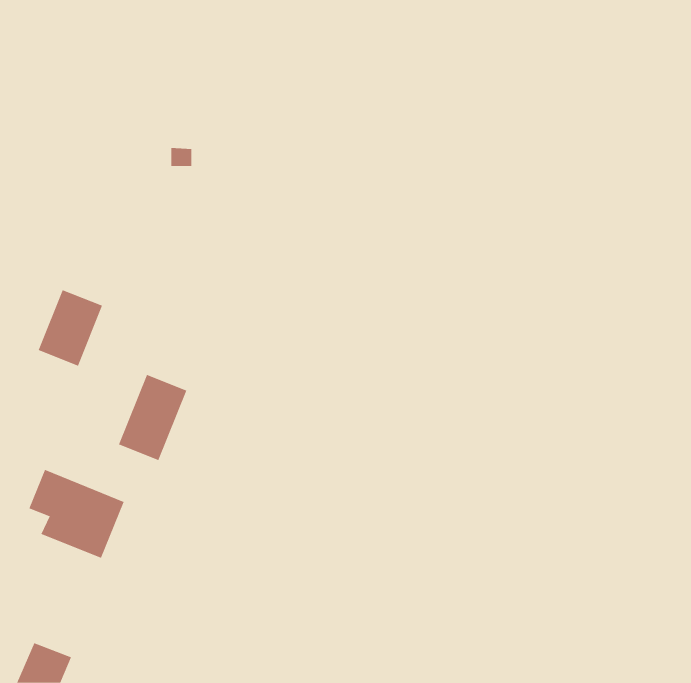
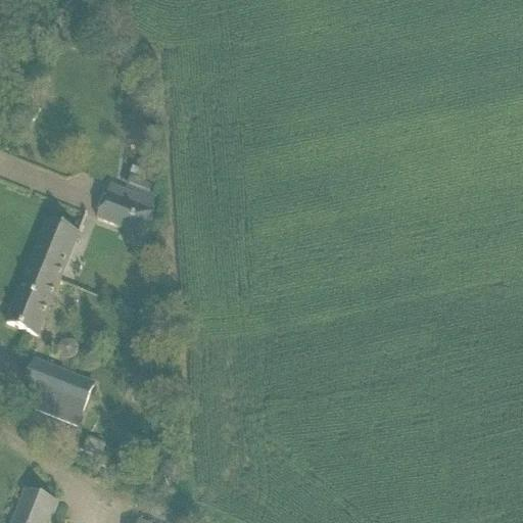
building: none -> [97,182,156,225]
building: [118,374,187,461] -> [7,265,59,330]

